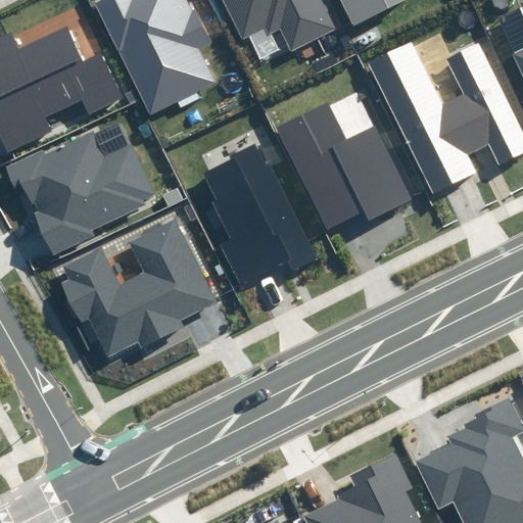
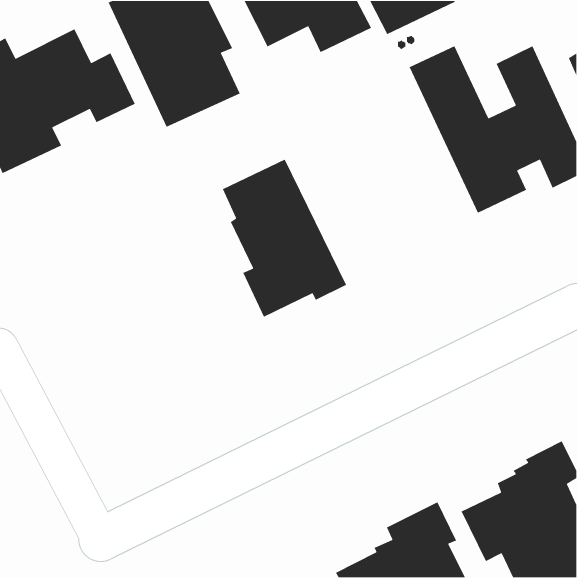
building: [274,101,412,230] -> none
building: [11,132,157,256] -> none
building: [58,218,213,354] -> none

